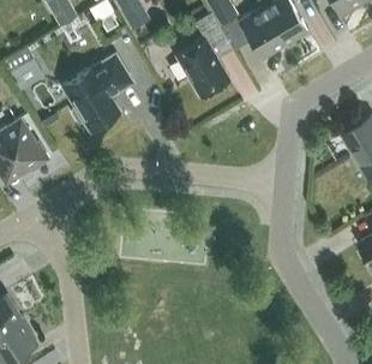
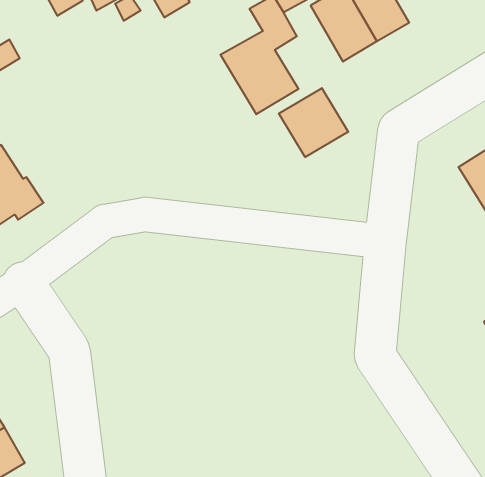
building: [62,54,133,131] -> none
building: none -> [279,88,348,157]

